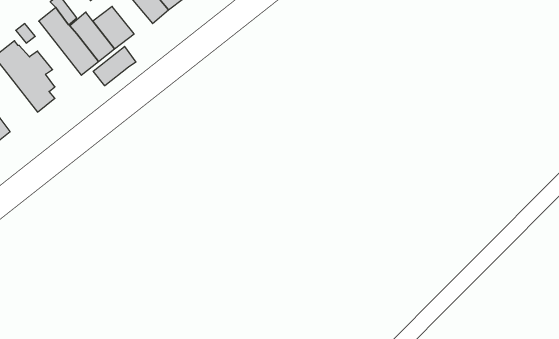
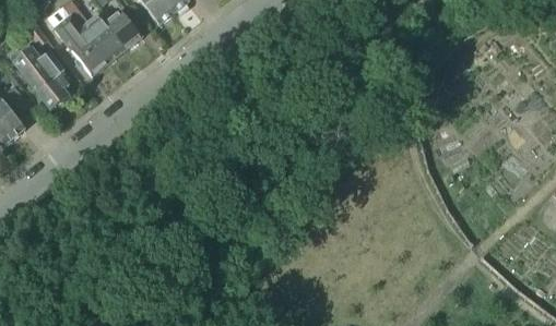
building: [93,46,136,86] -> none

